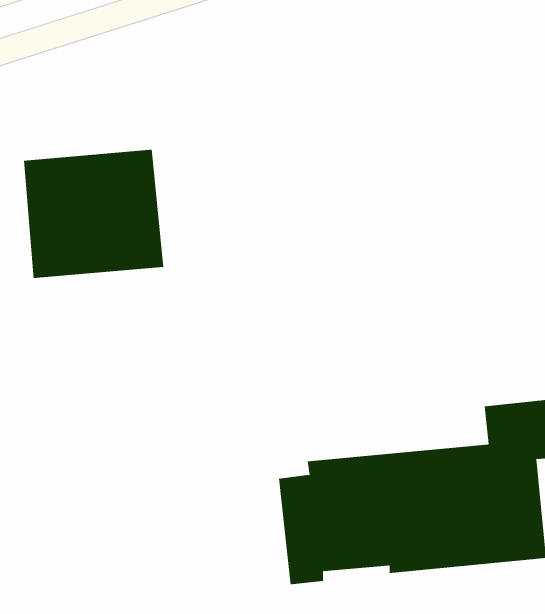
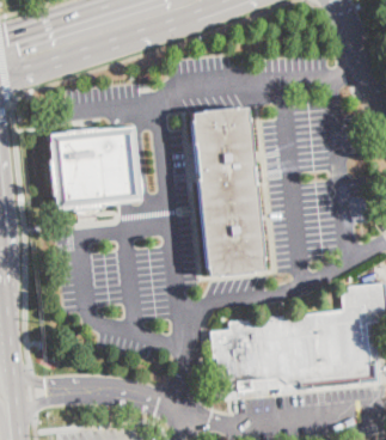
building: none -> [190,105,269,276]

